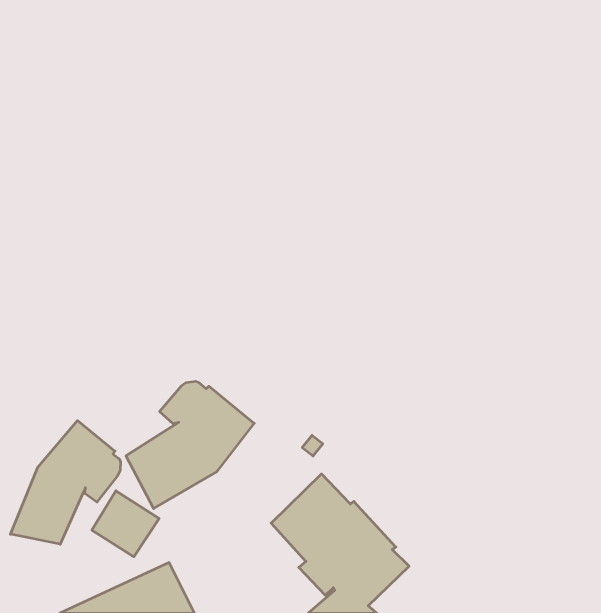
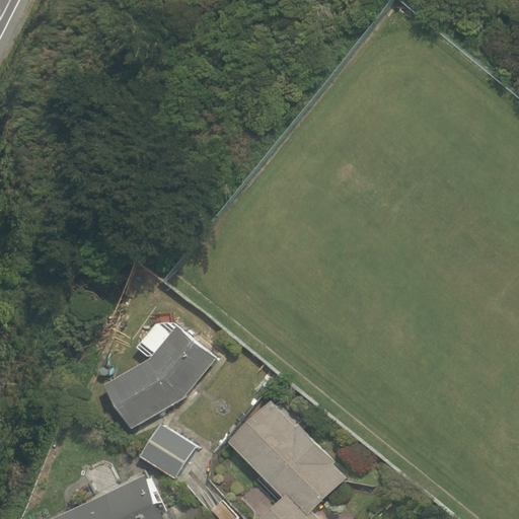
building: [10,421,120,544] -> none
building: [92,491,159,557] -> [138,423,195,478]

